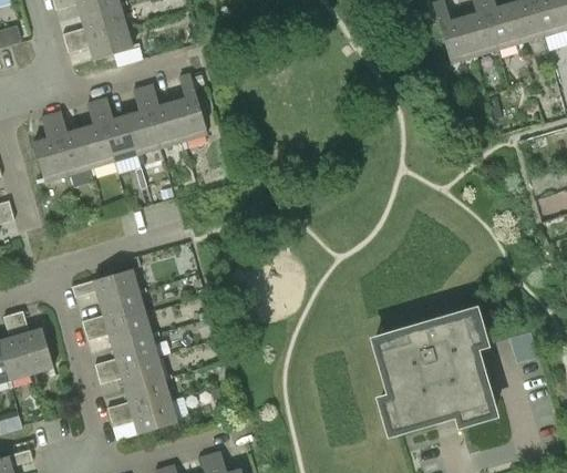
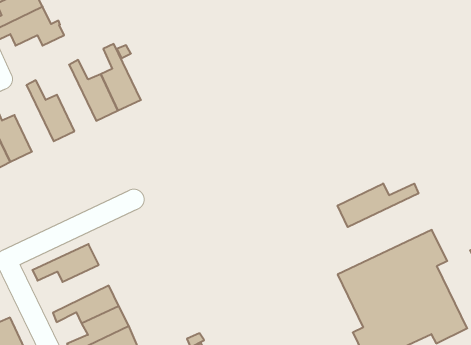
building: [125,88,159,154] -> none
building: [80,101,114,167] -> none
building: none -> [338,183,418,227]
building: [82,290,145,330] -> none

